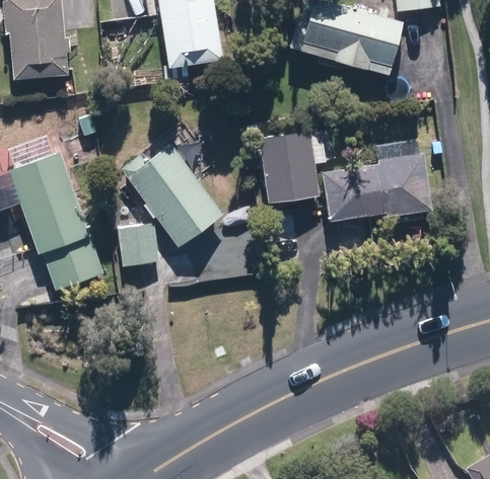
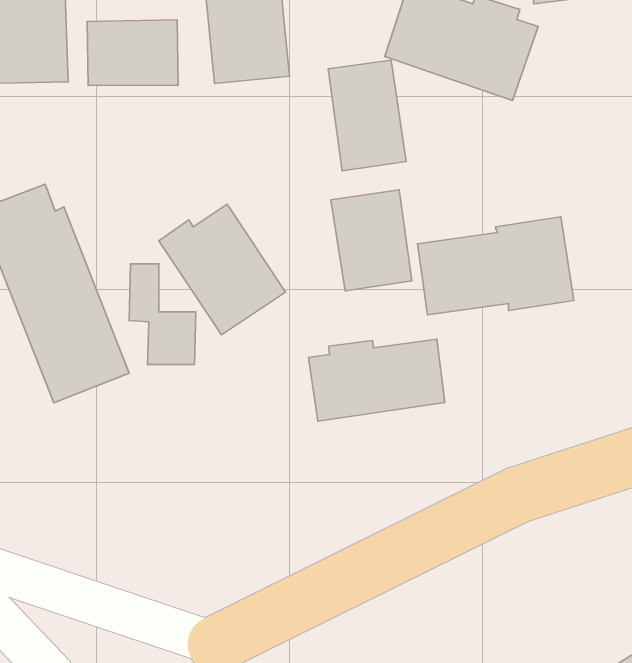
building: none -> [87,20,178,86]
building: none -> [328,60,406,171]
building: none -> [308,339,445,421]

